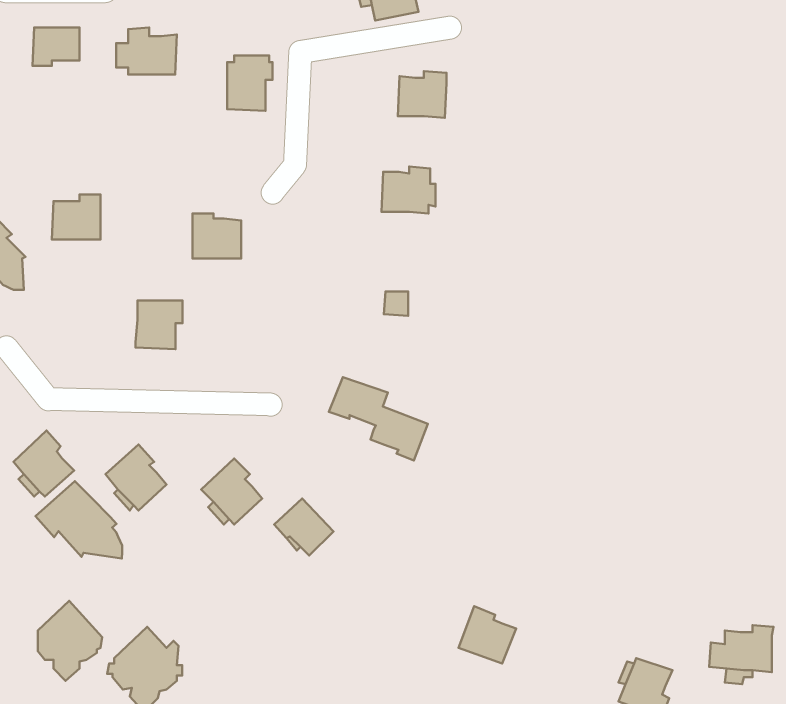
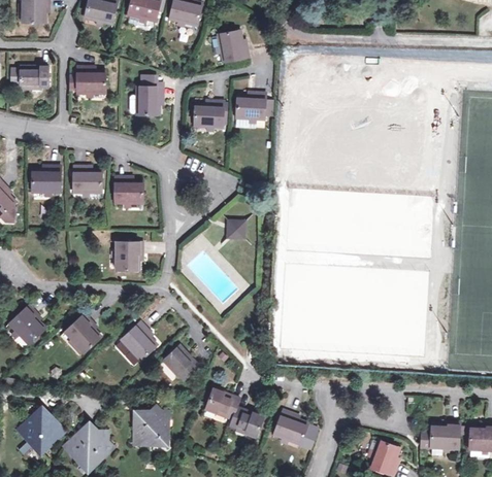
building: [381,167,435,214] -> [195,101,227,129]
building: none -> [74,167,103,194]
building: [136,301,183,349] -> [116,242,143,271]
building: [329,377,428,460] -> [205,389,264,439]
building: [35,481,122,558] -> none
building: none -> [134,406,168,446]

